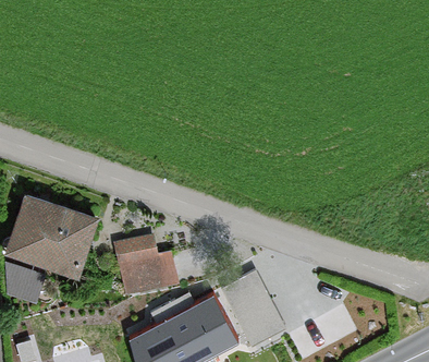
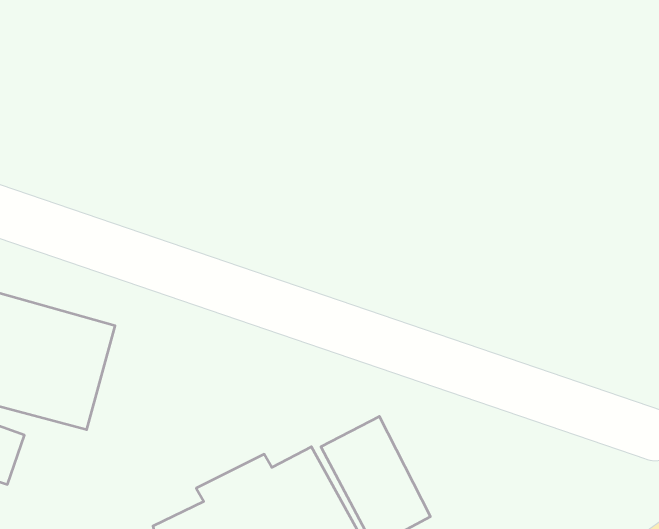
building: [111,240,181,300] -> none

